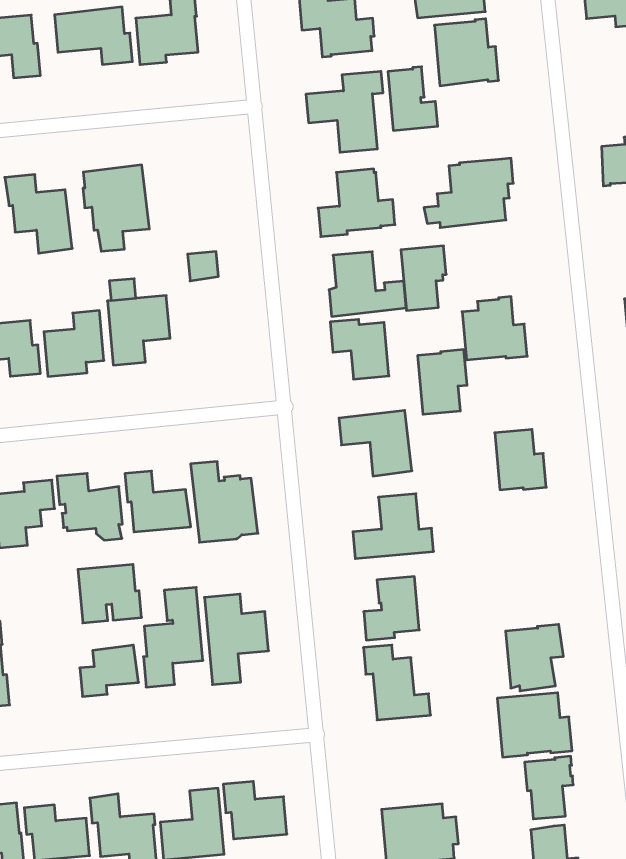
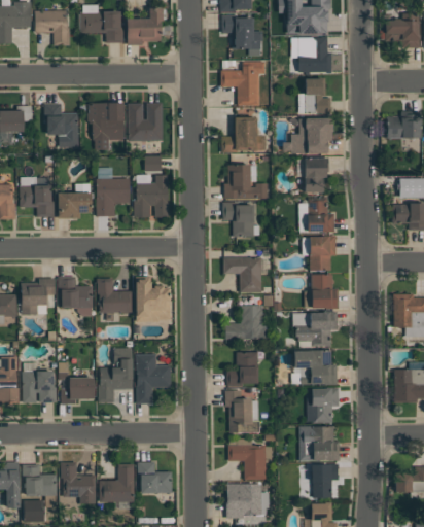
building: [388,67,438,130] -> [306,78,331,113]
building: none -> [128,103,163,141]
building: [401,246,446,310] -> [305,159,329,194]
building: none -> [134,175,169,218]
building: [418,350,467,414] -> [310,236,337,271]
building: none -> [293,312,338,347]
building: none -> [294,351,338,385]
building: [78,564,142,623] -> [23,372,57,402]
building: none -> [228,445,267,481]

